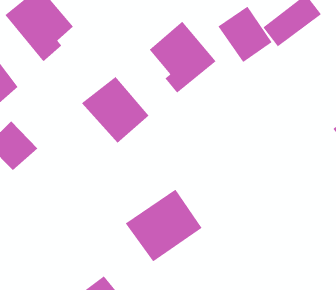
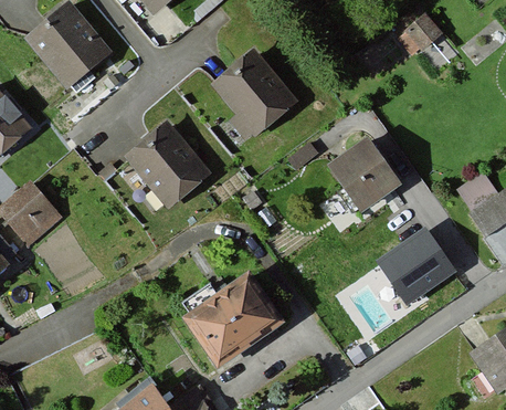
building: [217,6,273,63] -> [326,133,400,209]
building: none -> [379,228,456,303]

